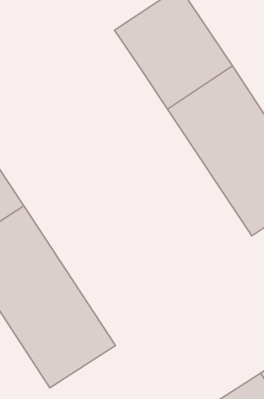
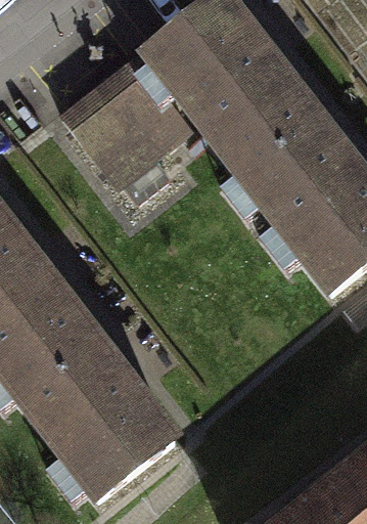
building: none -> [64,51,191,183]

